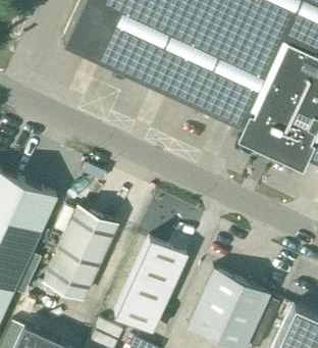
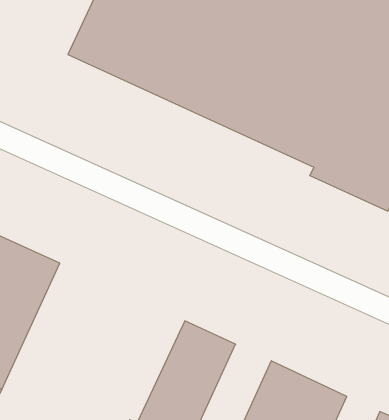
building: [43,210,115,302] -> none

